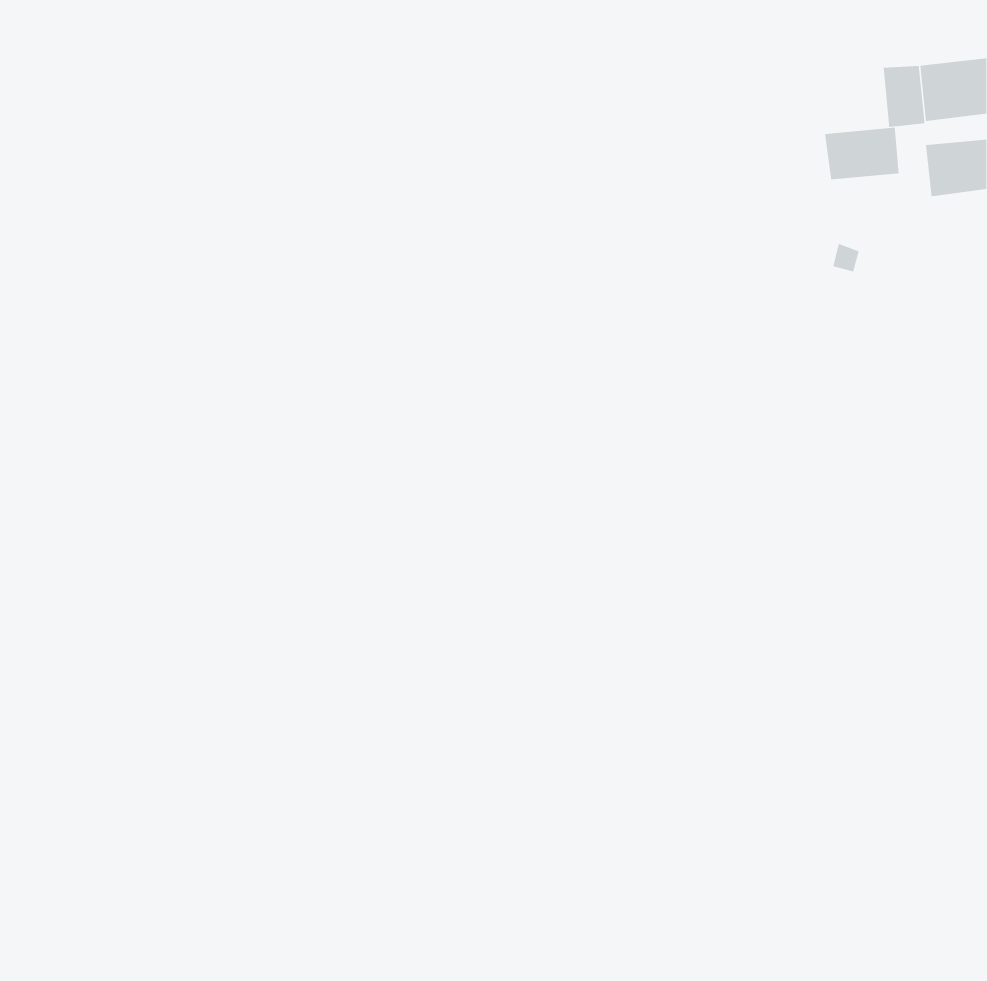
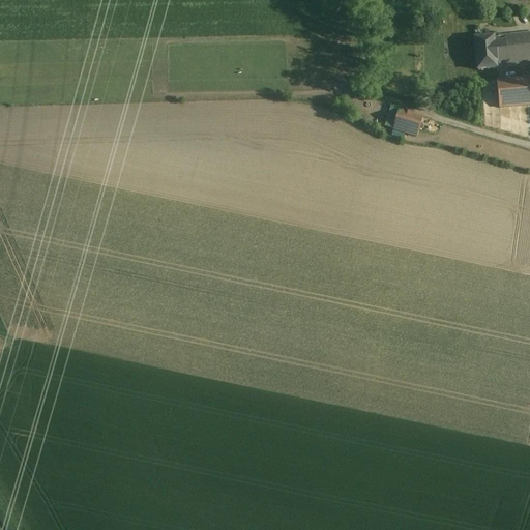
building: [824,127,899,180] -> none
building: none -> [393,108,423,135]

